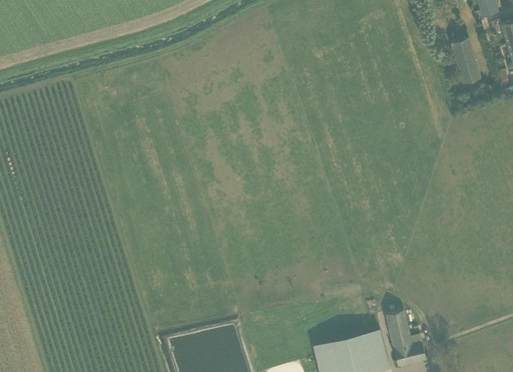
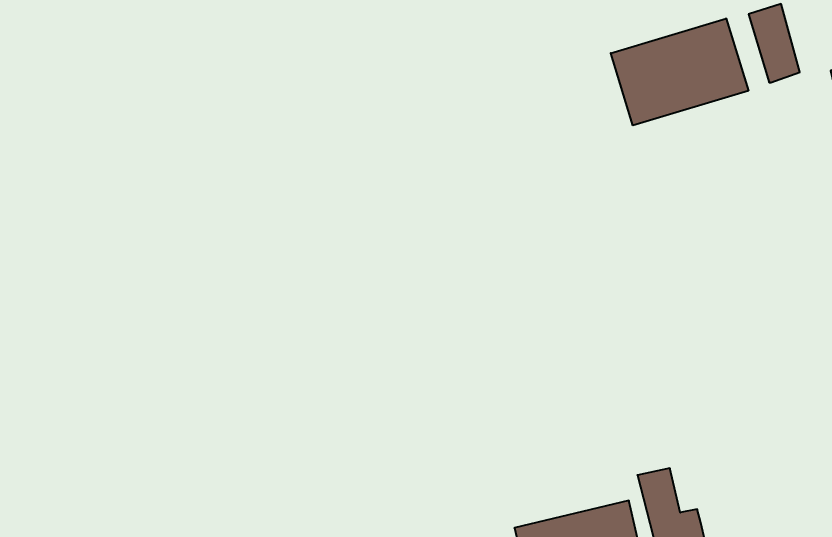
building: none -> [611,18,748,125]

